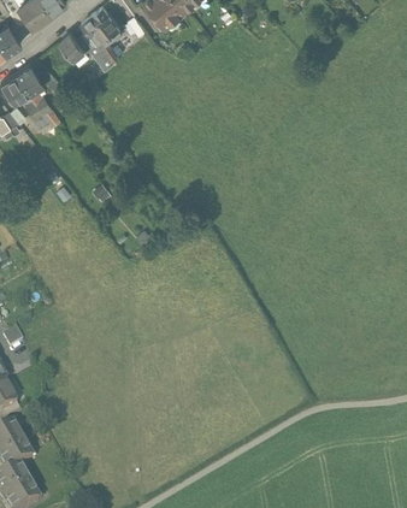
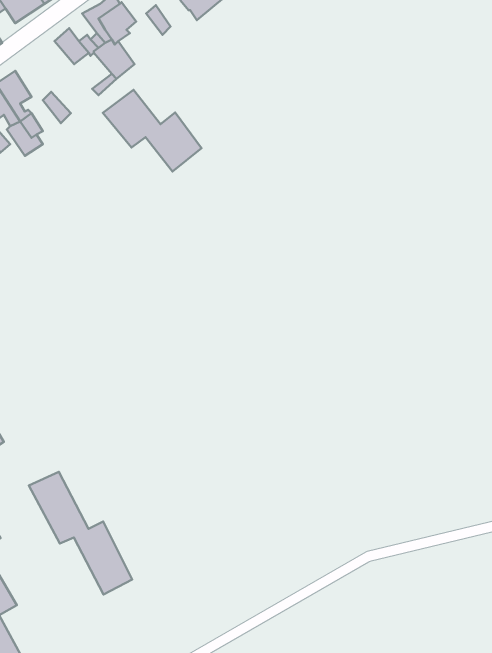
building: none -> [103,90,202,171]
building: none -> [29,472,132,594]

